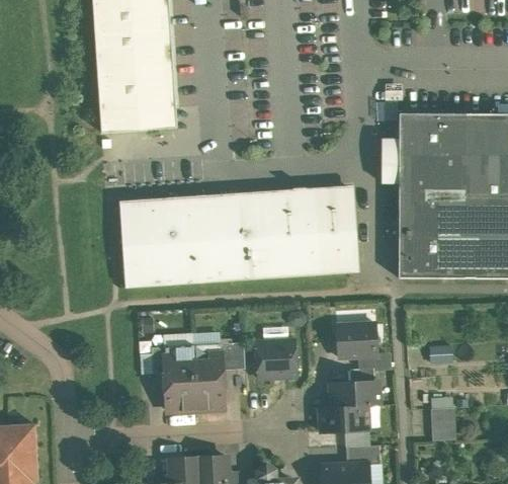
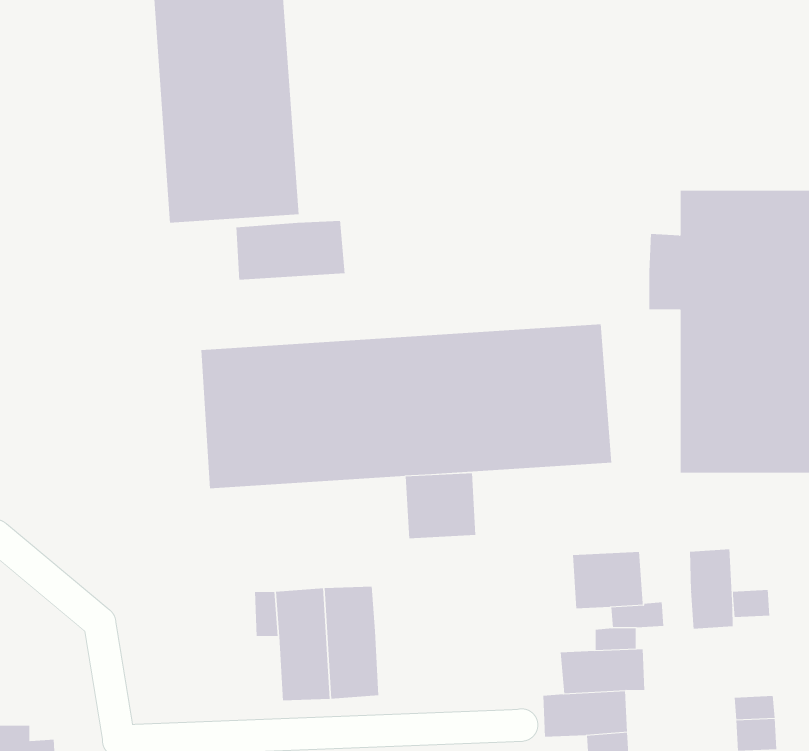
building: none -> [236,220,345,281]
building: none -> [690,548,733,629]
building: [255,339,297,378] -> [405,473,476,539]
building: [220,341,245,370] -> none

